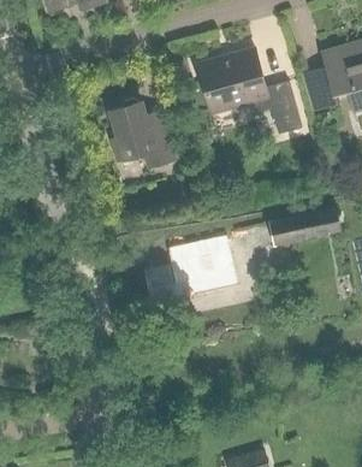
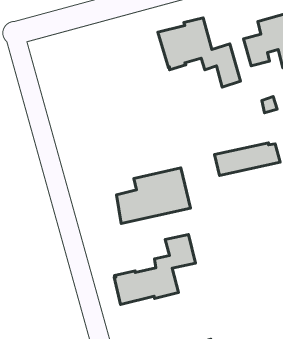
building: [109,97,174,167] -> none
building: none -> [114,235,196,305]

